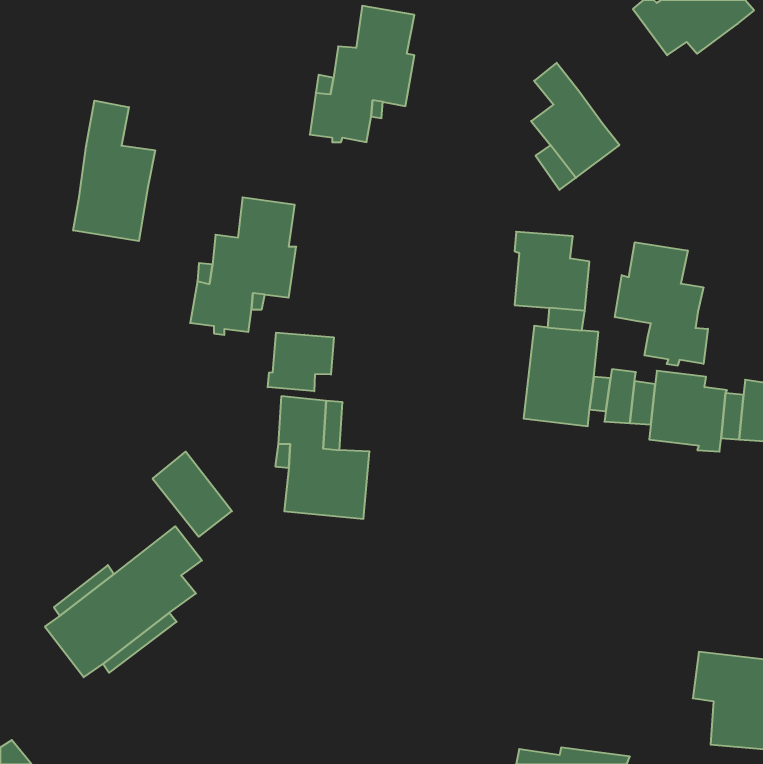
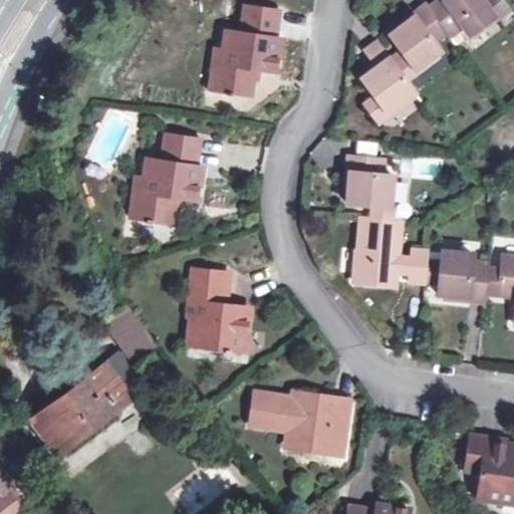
building: none -> [390,6,449,83]
building: [73,101,155,241] -> none
building: [615,242,708,366] -> none
building: [268,333,334,391] -> none
building: none -> [250,392,350,454]

